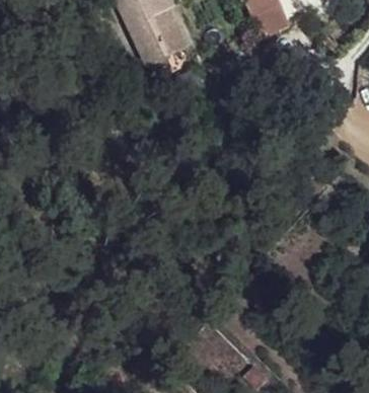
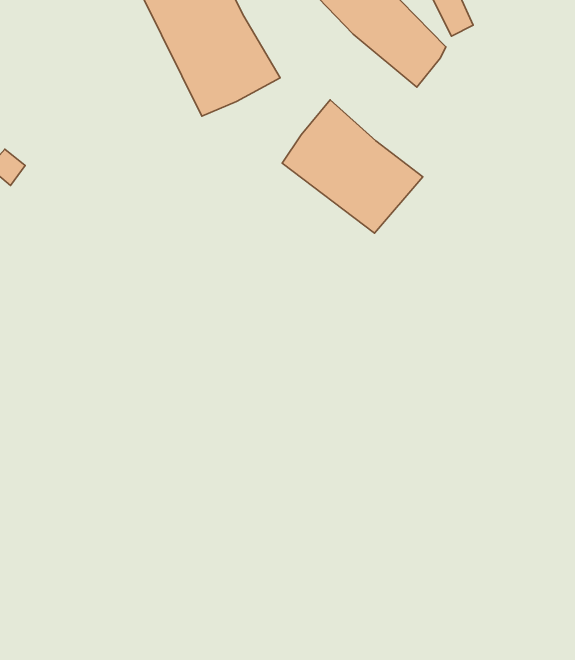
building: none -> [282,100,423,233]

